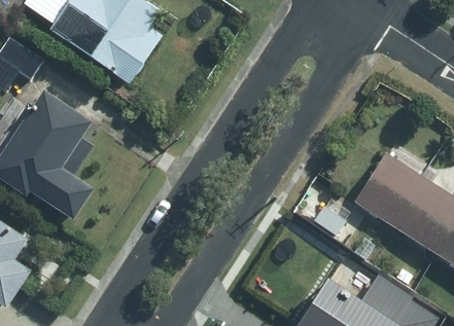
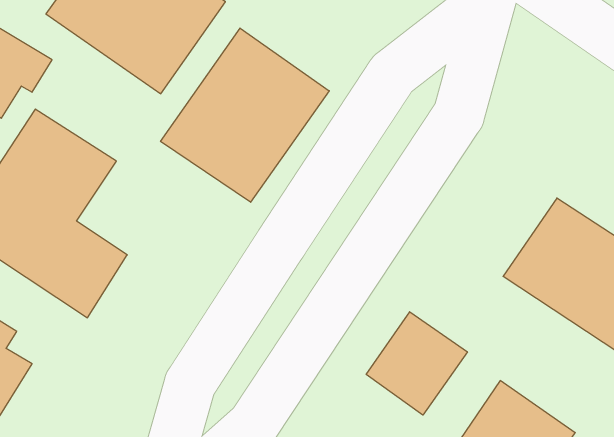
building: none -> [161,28,329,202]
building: none -> [366,312,467,415]

